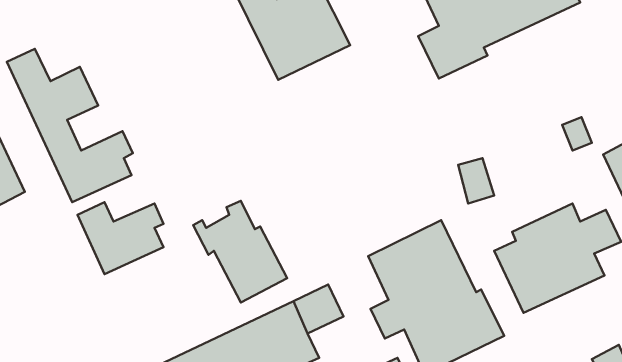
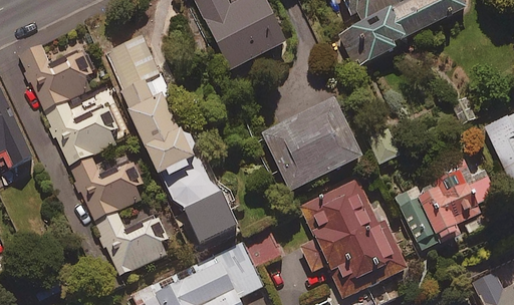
building: none -> [106,35,194,176]
building: none -> [264,98,363,190]
building: none -> [94,210,167,274]

